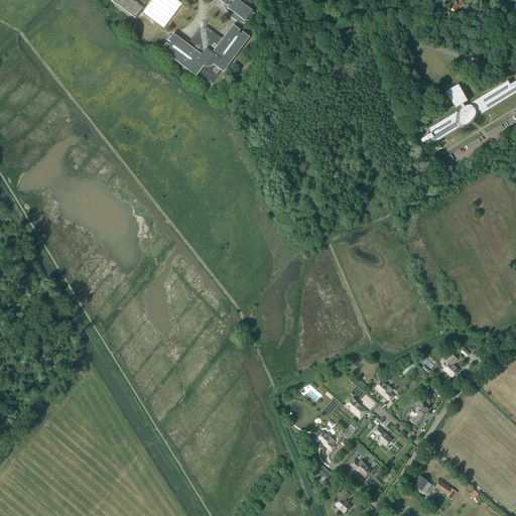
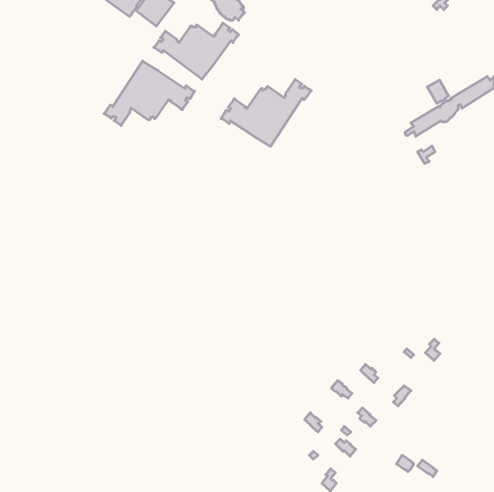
building: none -> [104,61,195,126]
building: none -> [221,79,311,146]

